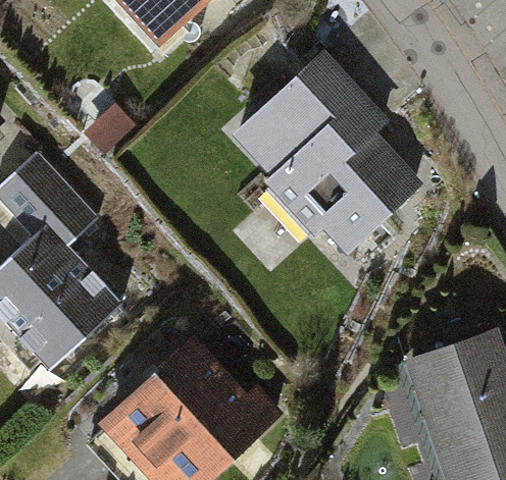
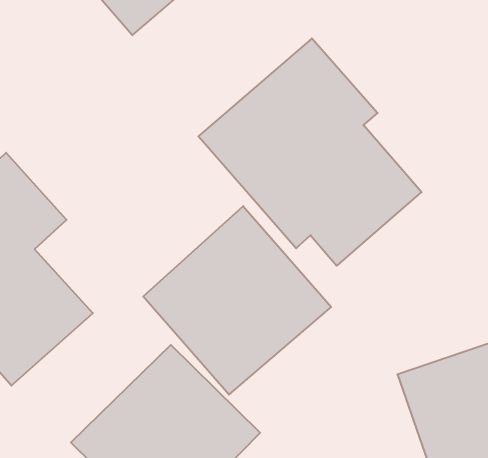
building: none -> [143,206,331,395]

